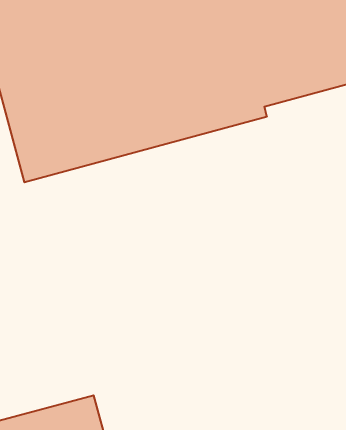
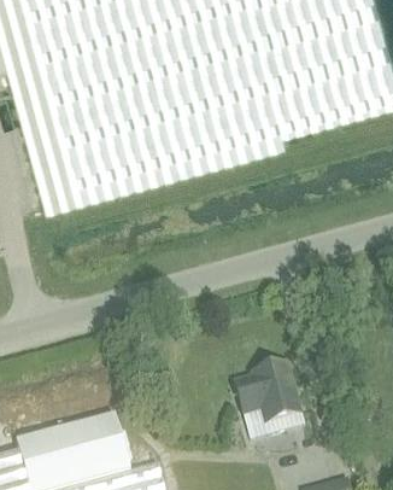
building: none -> [235,368,301,428]

